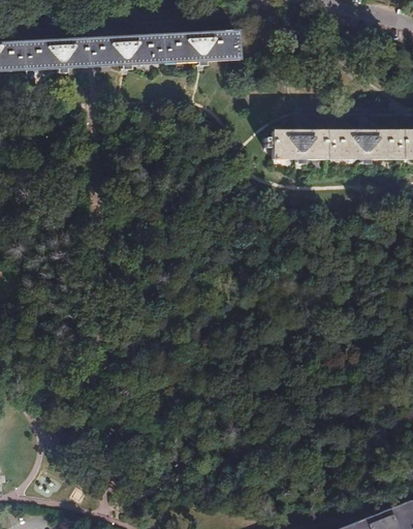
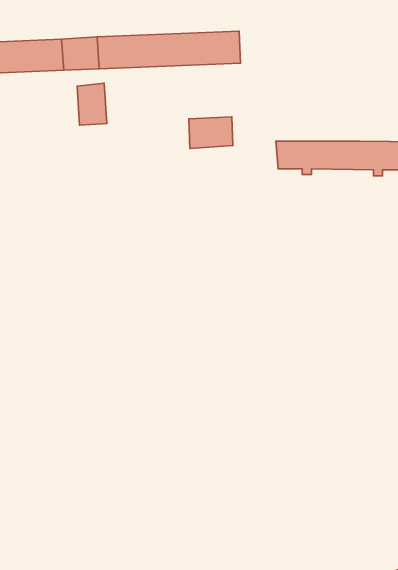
building: none -> [77,83,107,125]
building: none -> [189,117,233,148]

